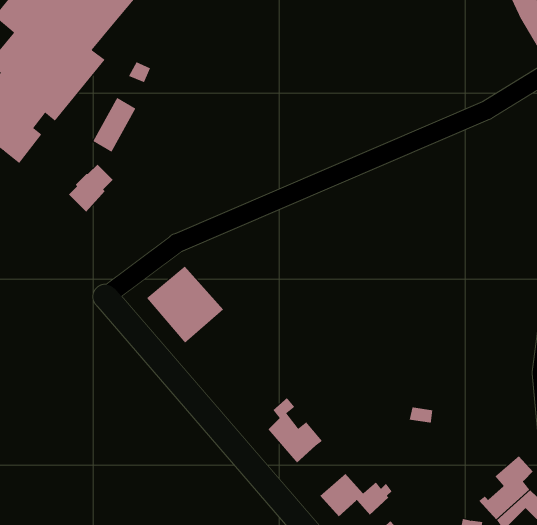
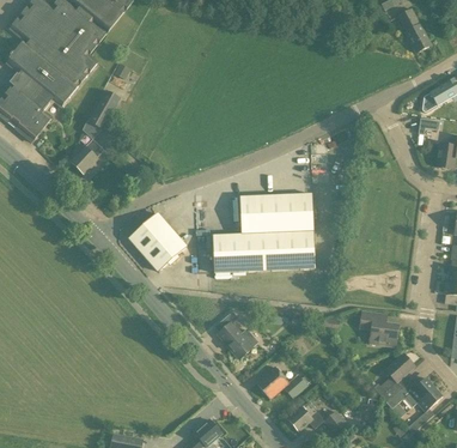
building: none -> [213,194,315,272]
building: none -> [360,311,398,346]

